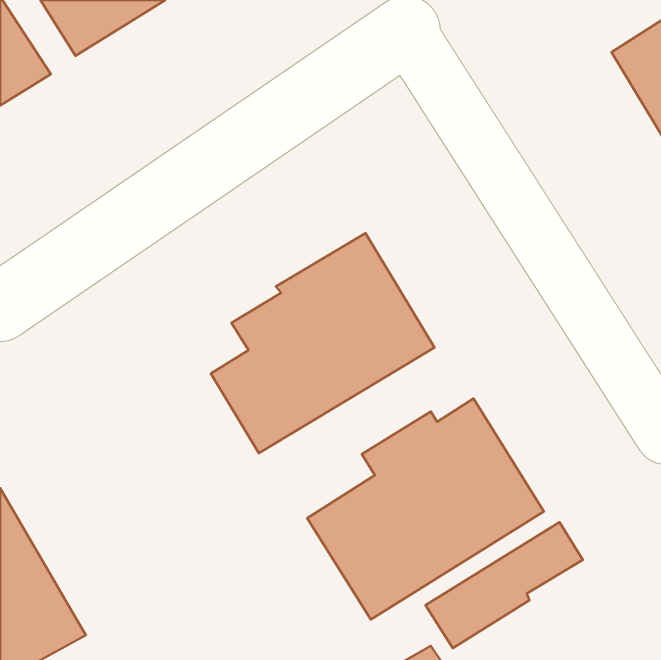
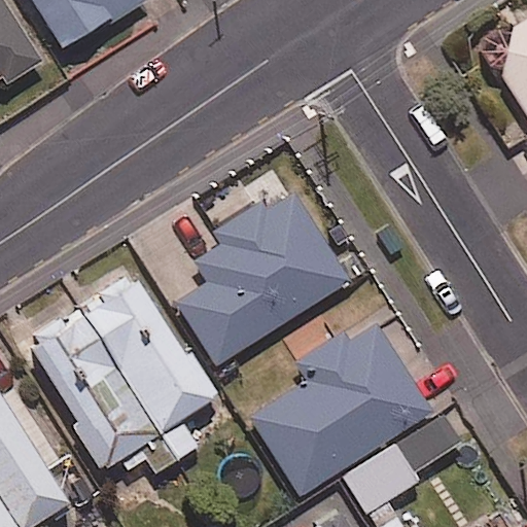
building: none -> [28,275,219,476]

